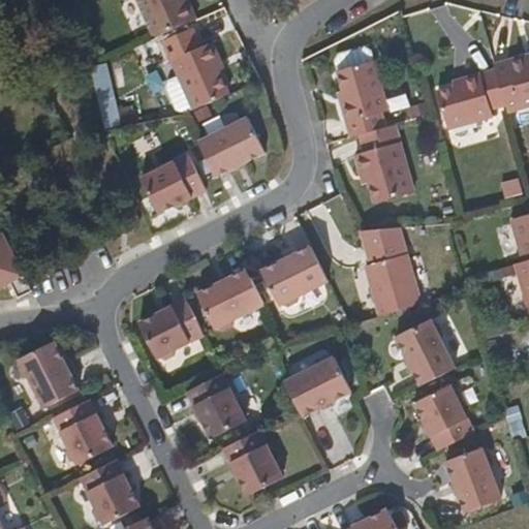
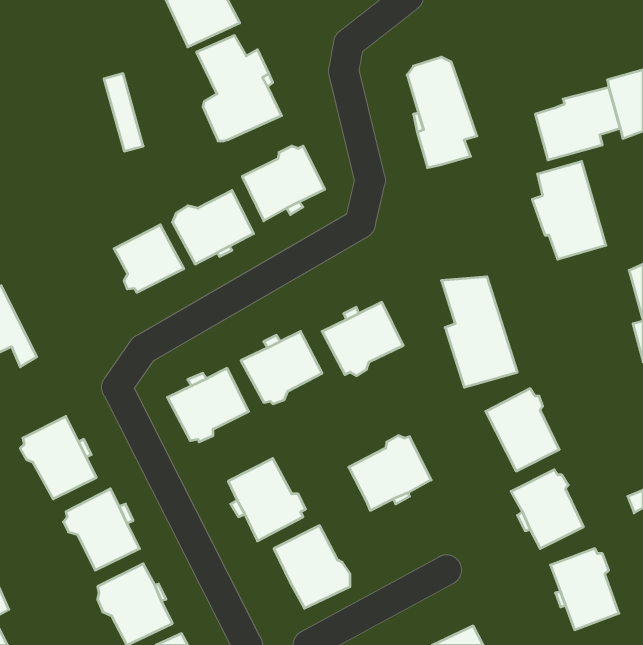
building: [353,124,413,204] -> [532,161,606,259]
building: none -> [114,225,184,292]

